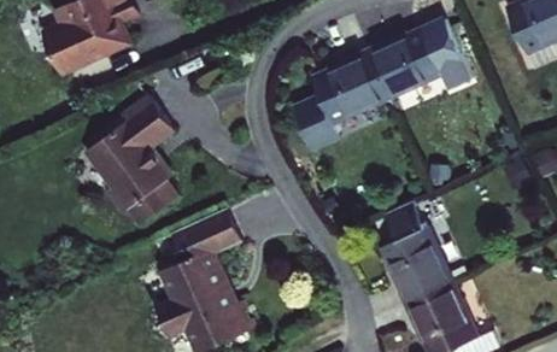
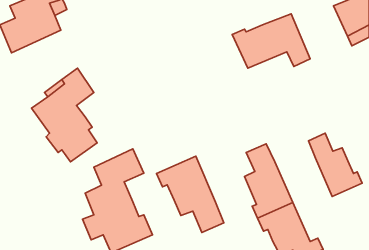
building: [293,51,387,148] -> none
building: none -> [309,133,362,196]
building: none -> [157,156,224,233]

